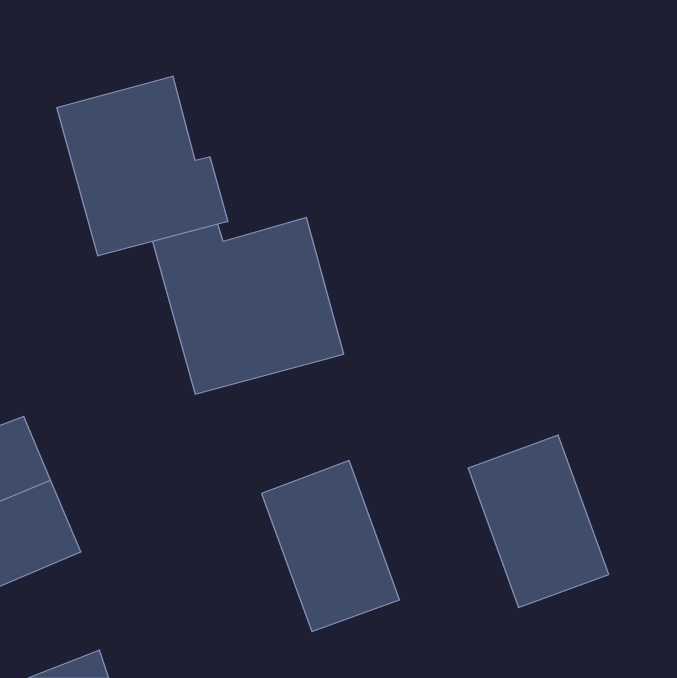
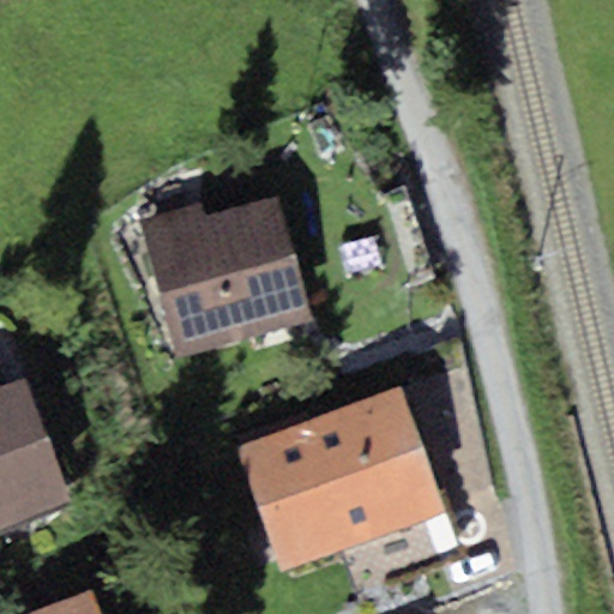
building: [57,76,228,256] -> none
building: [468,435,609,608] -> [315,386,443,542]

